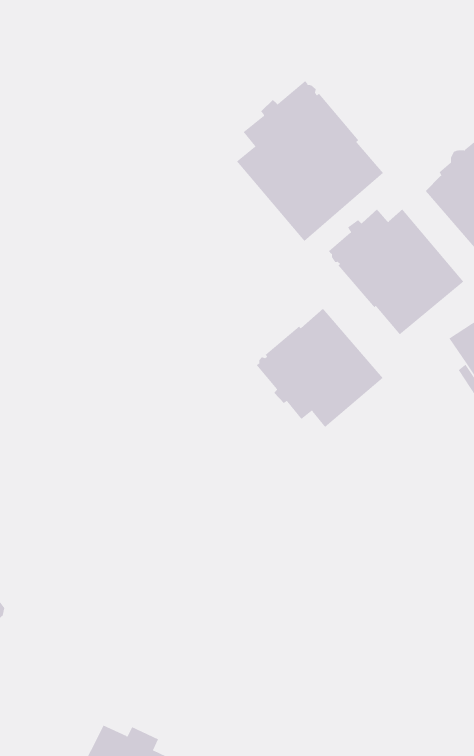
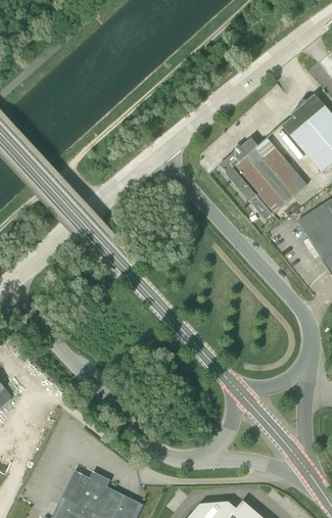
building: [236,80,384,242] -> none
building: [256,308,384,428] -> none

